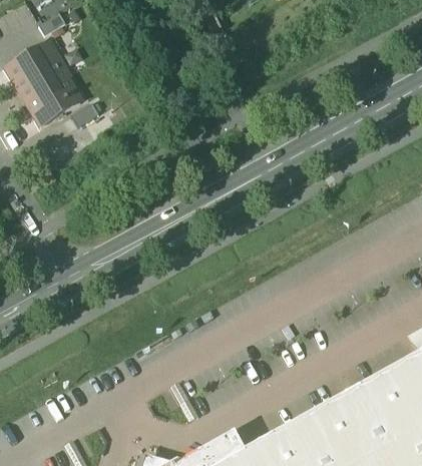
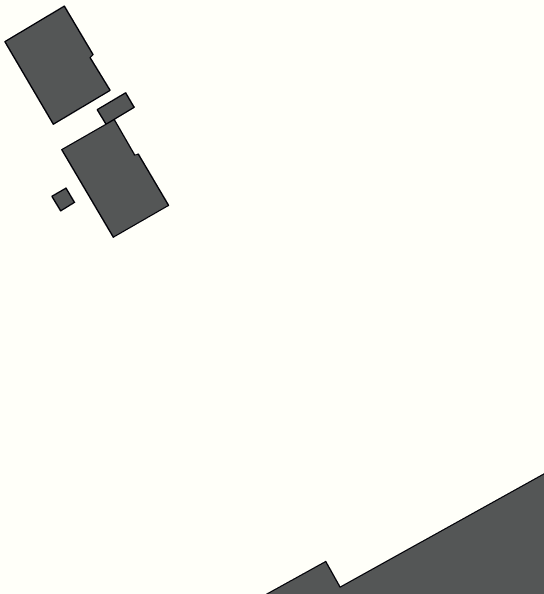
building: none -> [62,120,168,237]

